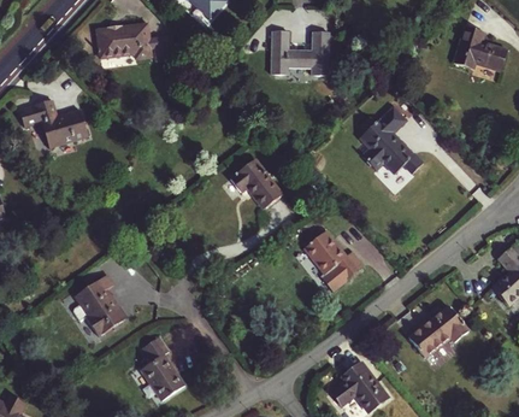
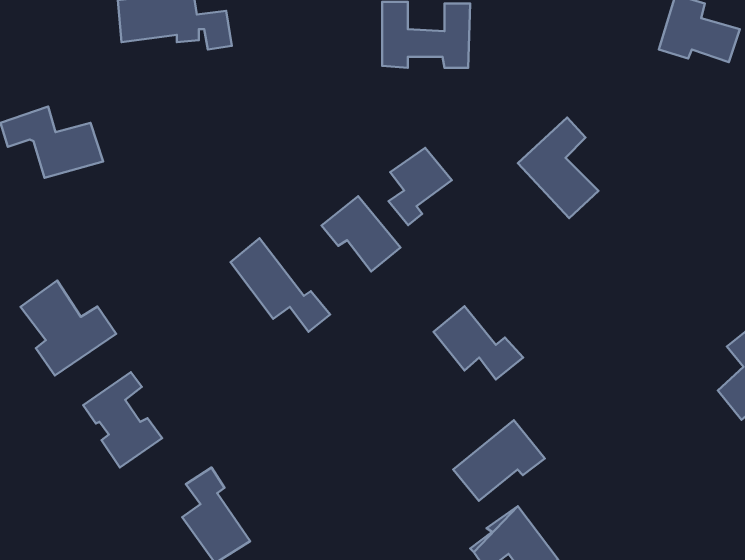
building: none -> [388,148,452,225]
building: none -> [231,238,330,332]
building: none -> [21,281,116,376]
building: [407,305,467,358] -> [453,420,545,501]

